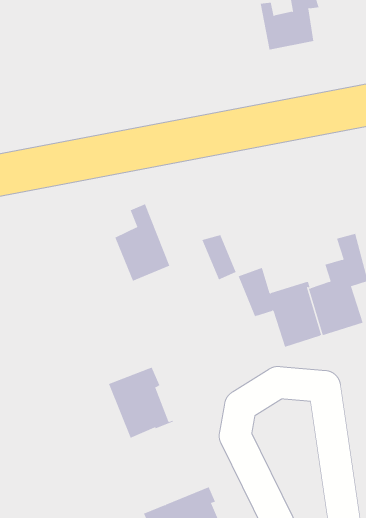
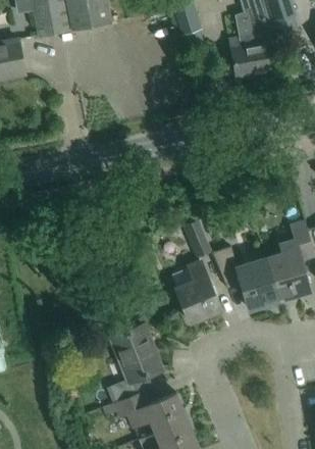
building: [114,204,170,281] -> [176,262,220,323]
building: none -> [112,391,190,434]

